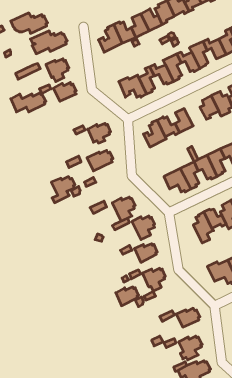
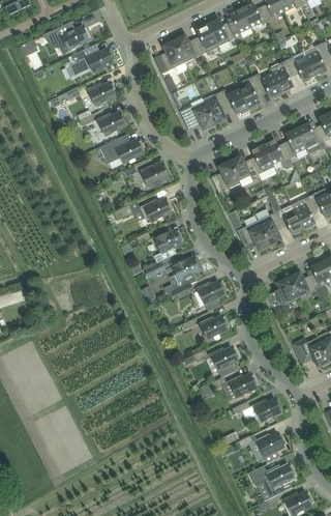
building: [11,93,46,112] -> [100,140,145,164]
building: none -> [263,140,294,169]
building: [51,177,75,203] -> [153,229,183,262]
building: [116,287,139,306] -> [229,374,258,398]

